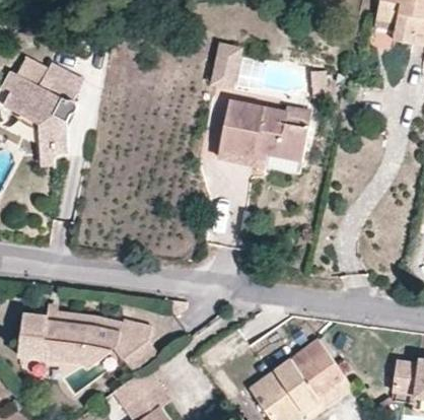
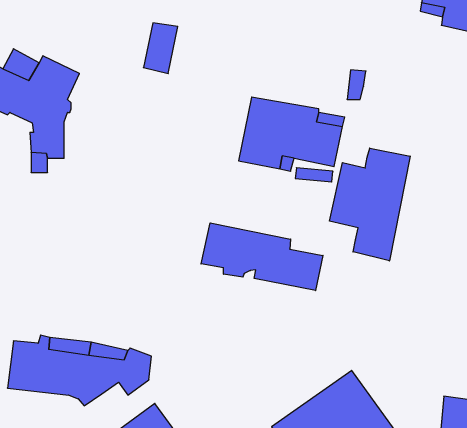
building: [211,46,240,89] -> [143,23,178,74]
building: none -> [330,148,410,261]
building: none -> [201,223,323,291]

